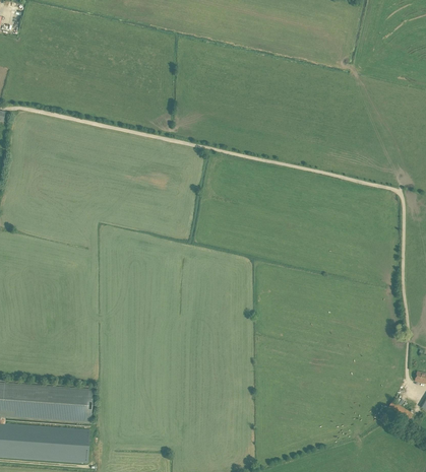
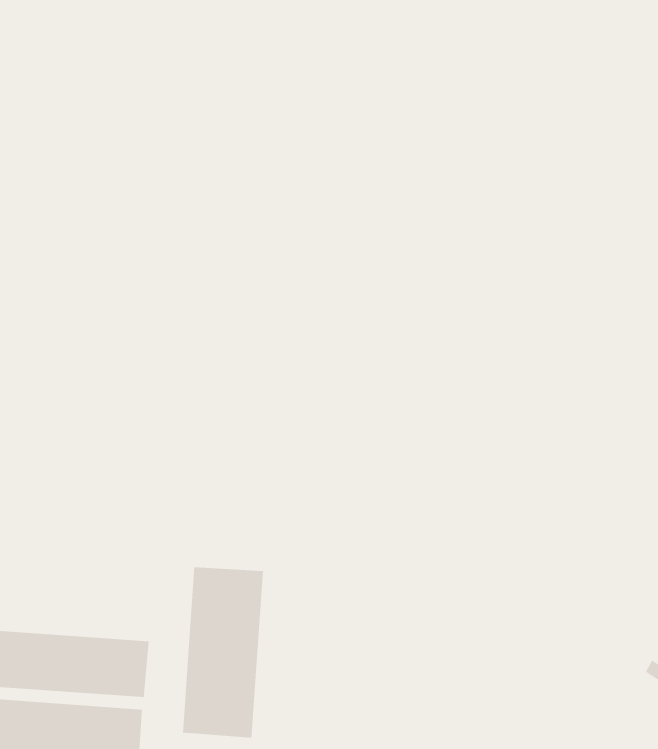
building: none -> [182,567,264,738]

